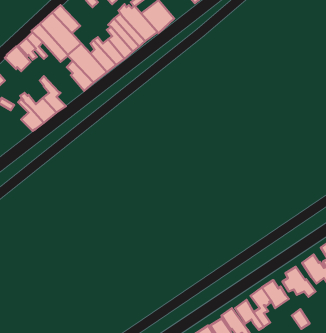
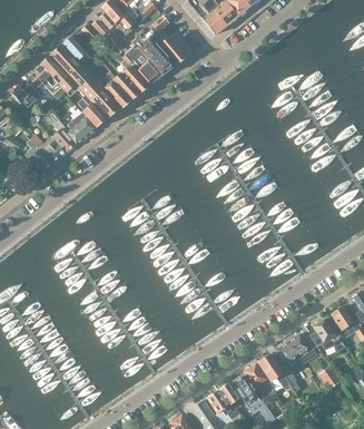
building: none -> [67,109,97,145]

